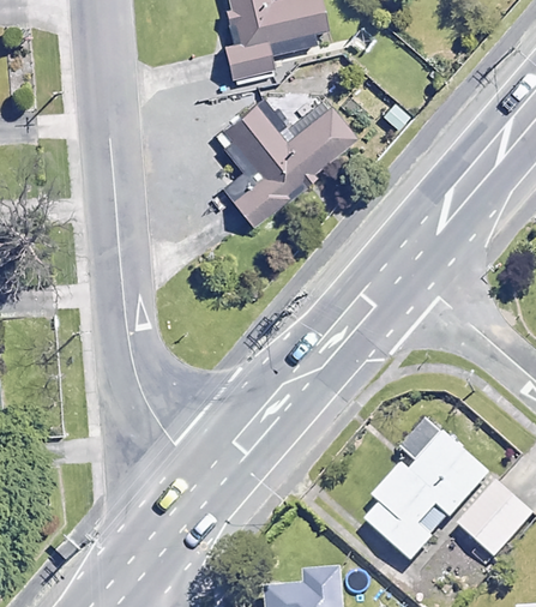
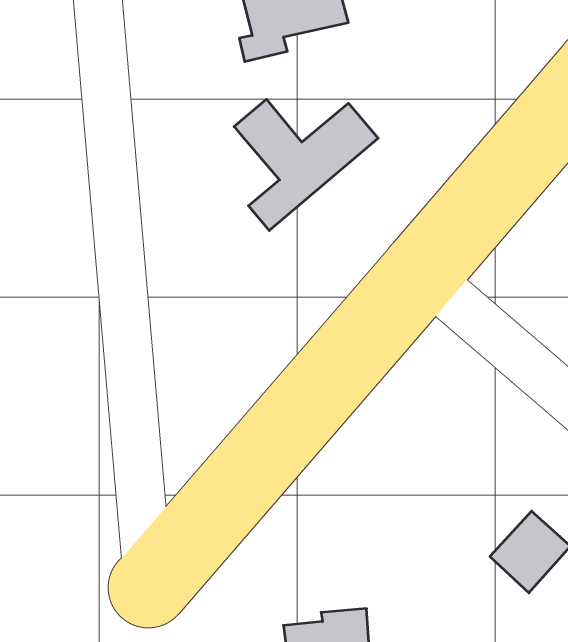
building: [366,434,488,563] -> none

